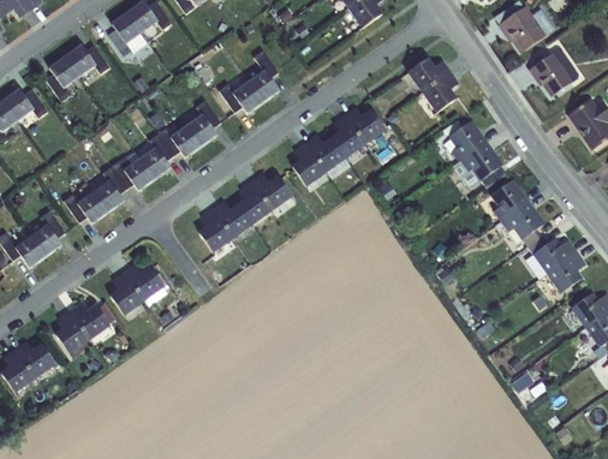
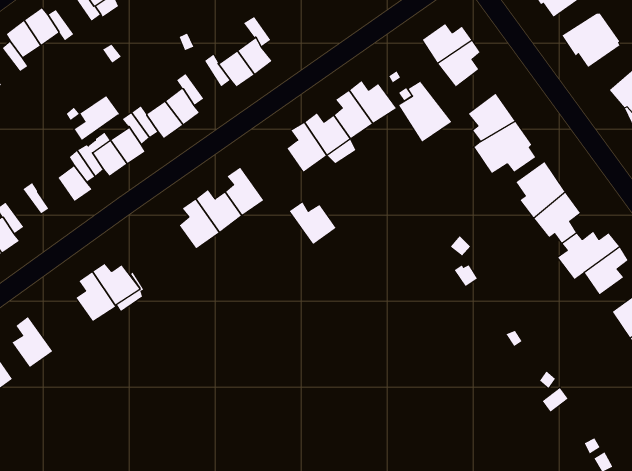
building: none -> [398,81,452,142]
building: none -> [74,95,120,141]
building: [251,173,292,210] -> [289,201,336,245]
building: [77,191,108,223] -> none
building: [68,303,111,340] -> none

